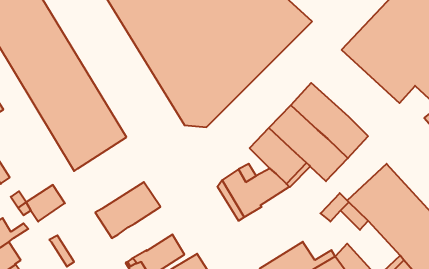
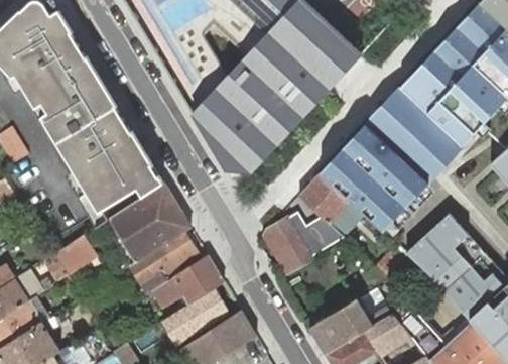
building: none -> [366,88,463,183]
building: none -> [110,184,190,262]
building: none -> [154,256,224,312]

